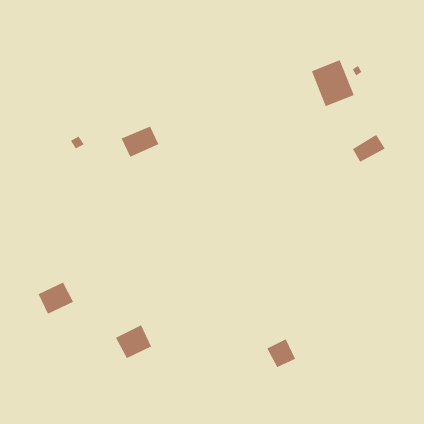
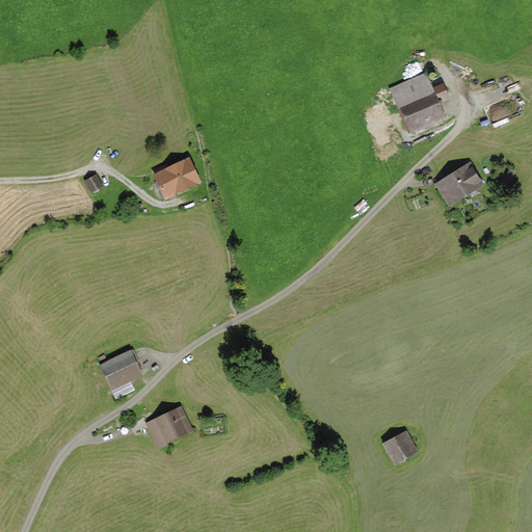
building: [38,281,74,315] -> [97,348,142,390]
building: [266,338,296,368] -> [379,428,417,466]

